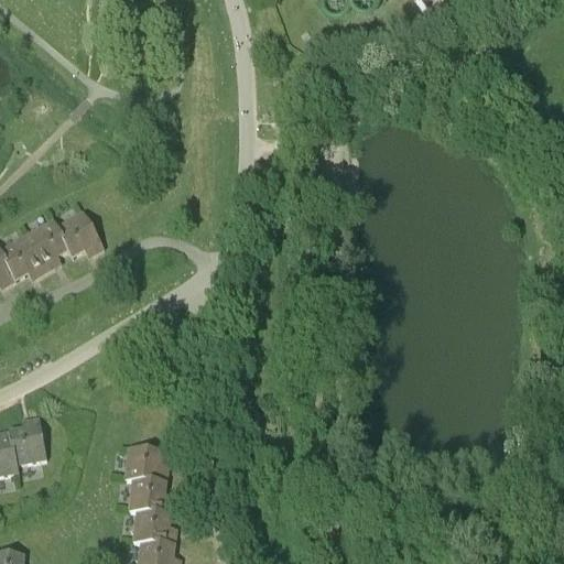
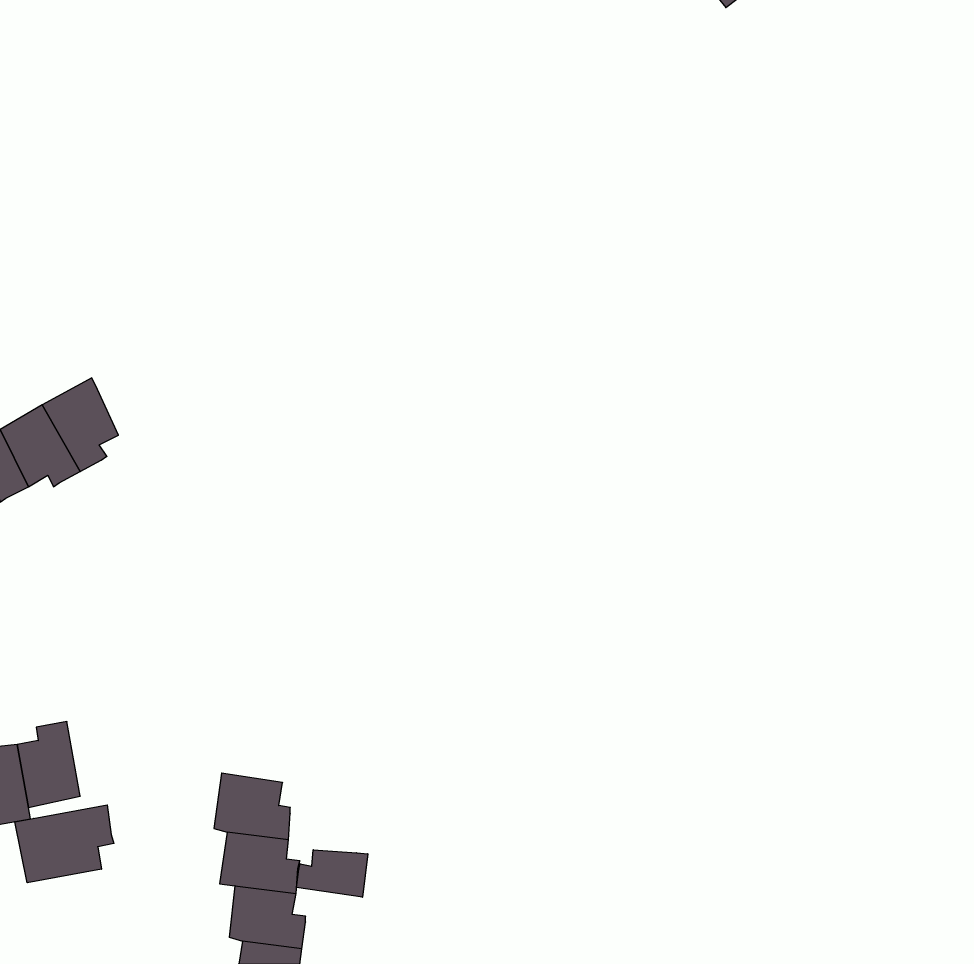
building: [56,210,104,258] -> none
building: none -> [15,805,114,883]
building: none -> [296,850,368,897]

